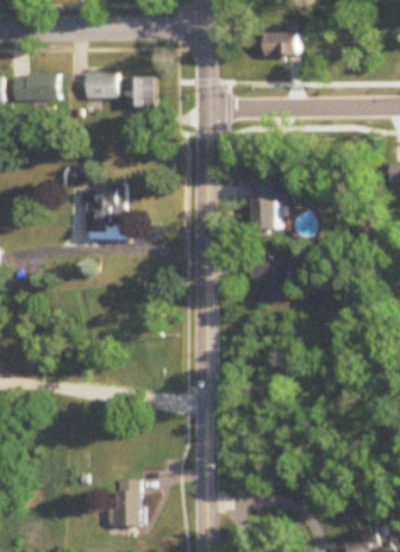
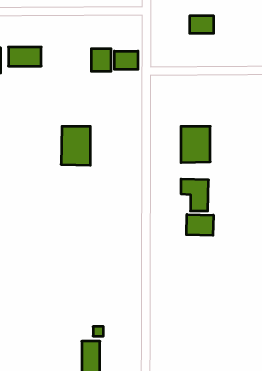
building: [85,71,118,99] -> none
building: none -> [114,51,138,69]
building: none -> [186,214,213,235]

